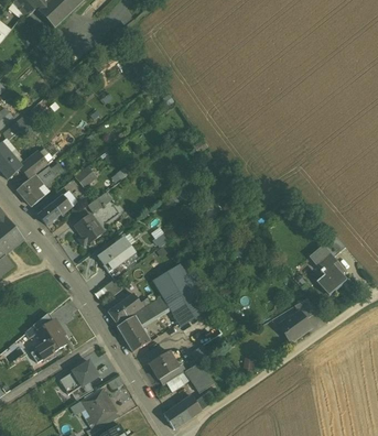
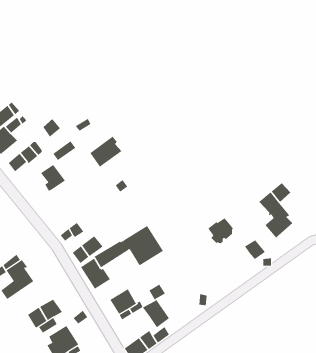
building: [98,238,133,272] -> [89,136,122,167]
building: [153,264,190,298] -> none
building: [280,312,309,340] -> [207,217,234,244]

